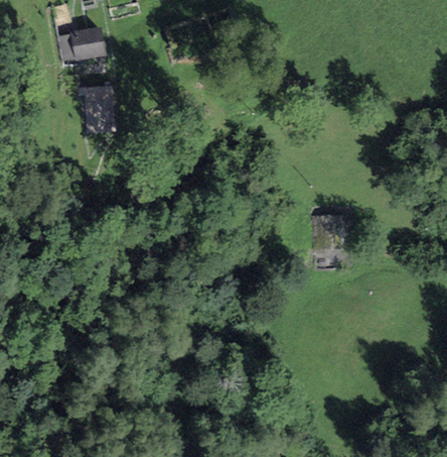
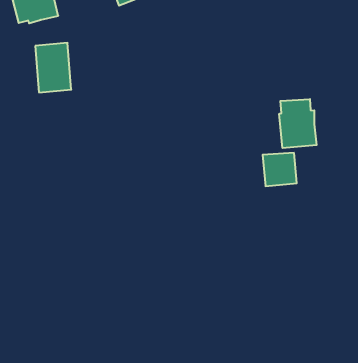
building: none -> [279,99,317,148]

